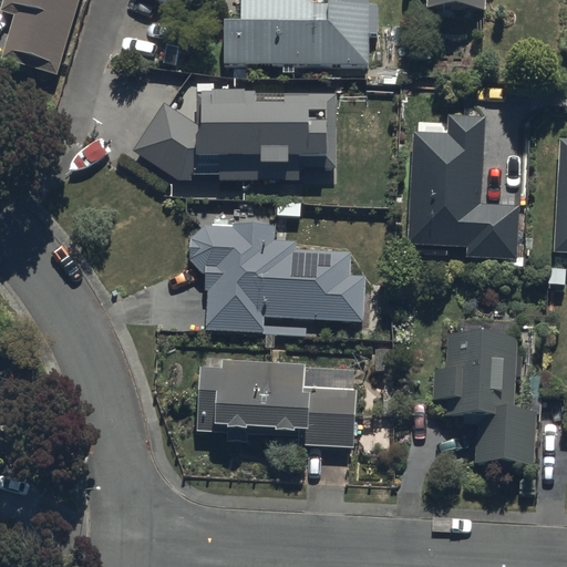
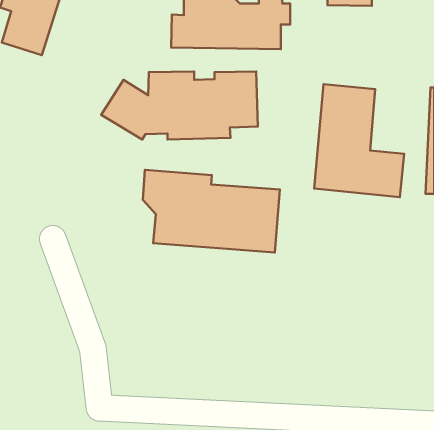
building: [432,333,535,465] -> none
building: [197,359,359,445] -> none

